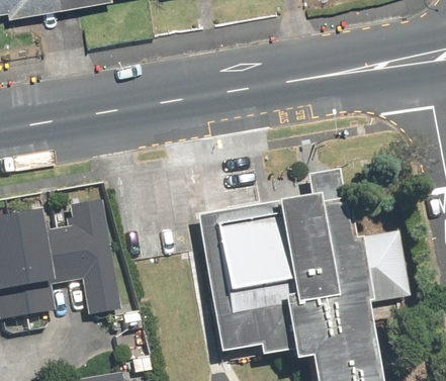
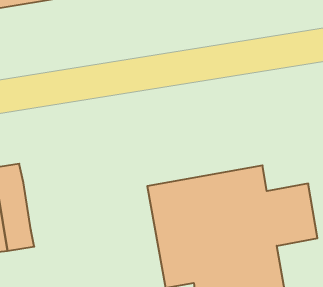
building: [53,201,115,314] -> none

